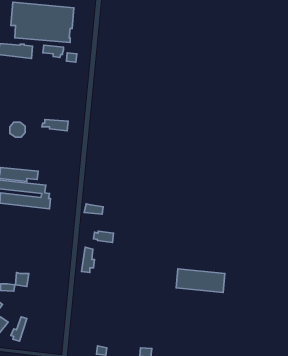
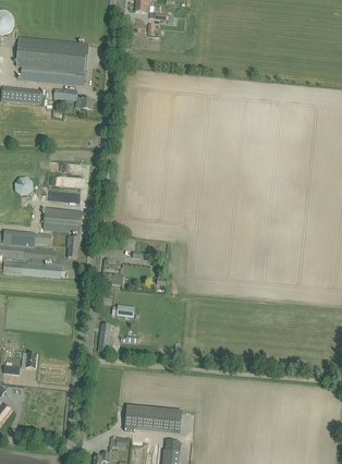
building: none -> [44,207,82,257]
building: [176,269,225,292] -> [125,405,182,432]

